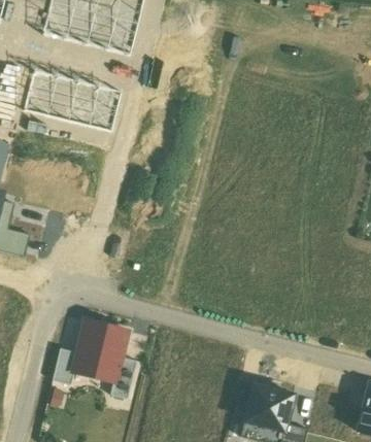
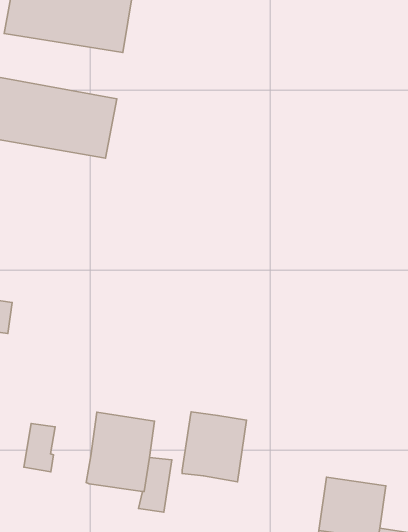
building: none -> [182,412,247,482]
building: [52,348,77,385] -> [24,423,55,472]

